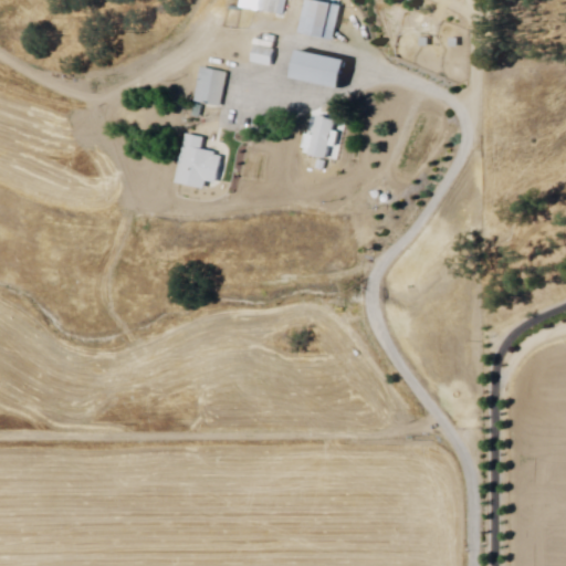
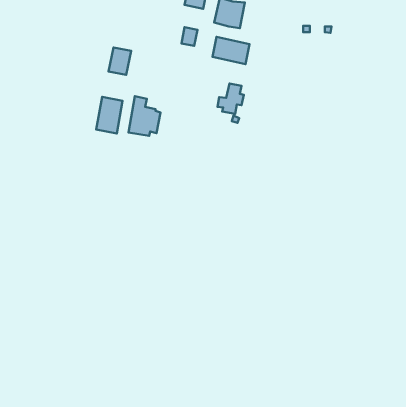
building: [192,65,223,103] -> [109,47,131,75]
building: none -> [96,97,123,134]

